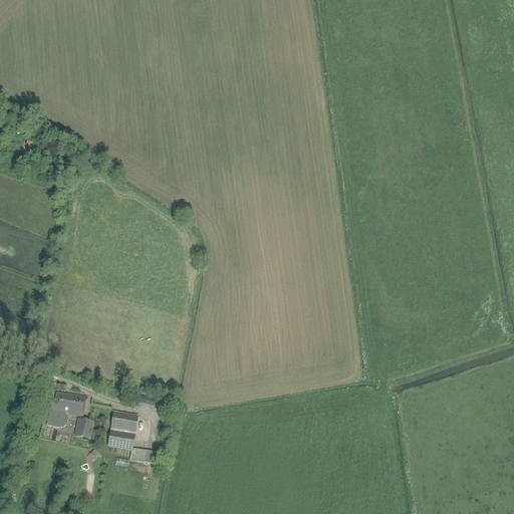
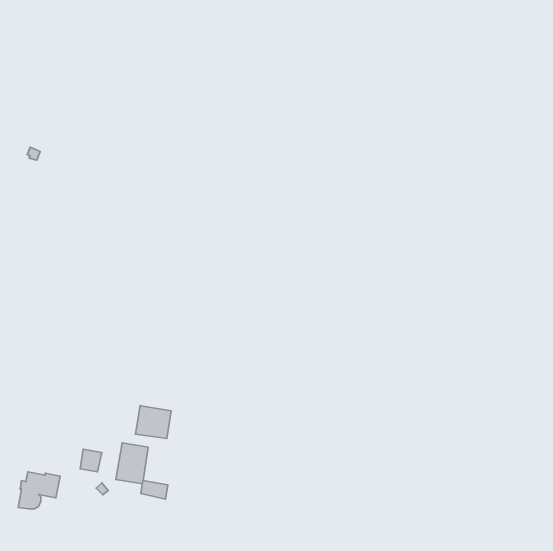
building: none -> [135,405,171,438]
building: [47,392,86,426] -> [18,472,60,509]

